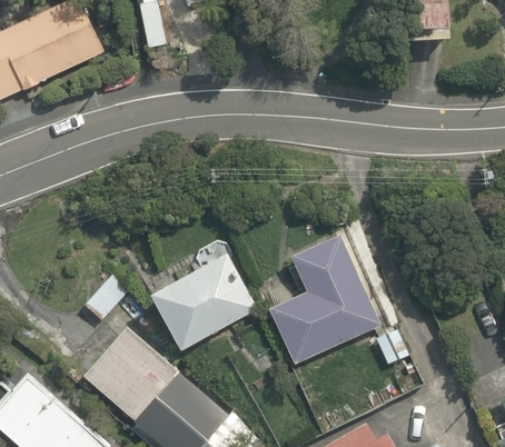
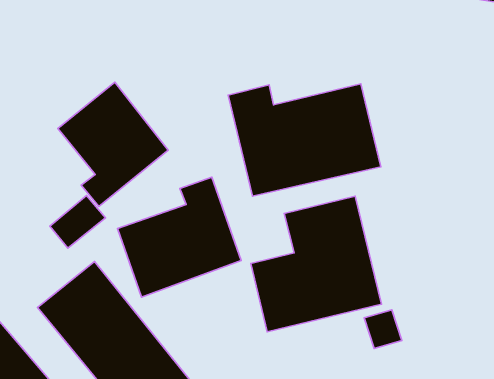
building: none -> [228,84,381,196]
building: none -> [58,82,168,207]

